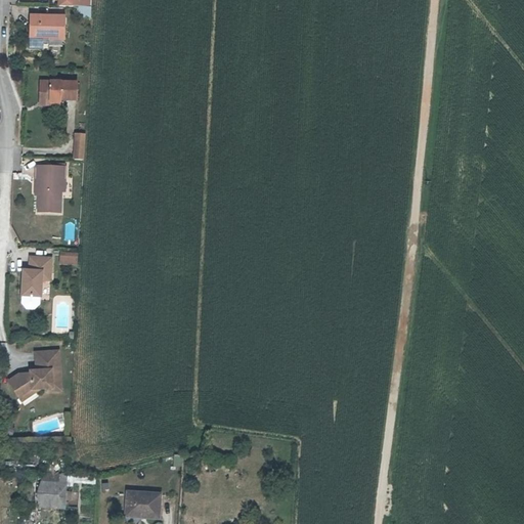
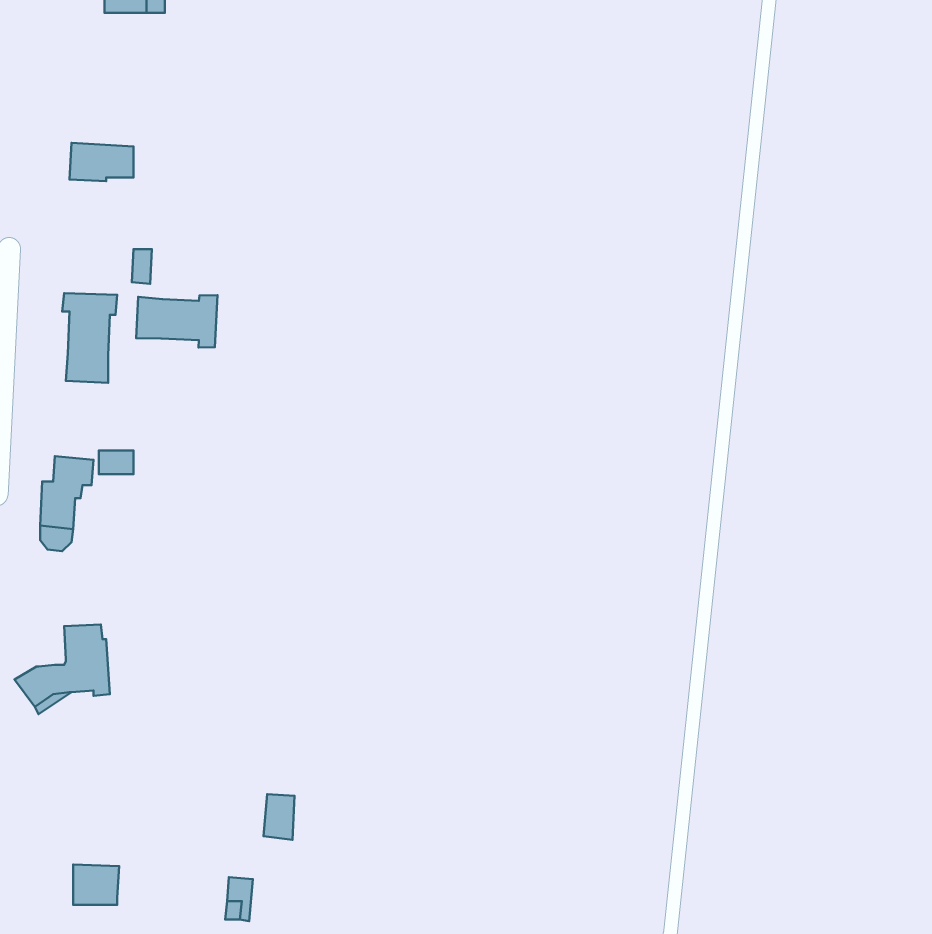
building: [31,15,66,39] -> none
building: none -> [136,295,218,347]
building: [139,491,157,517] -> [263,794,294,840]

